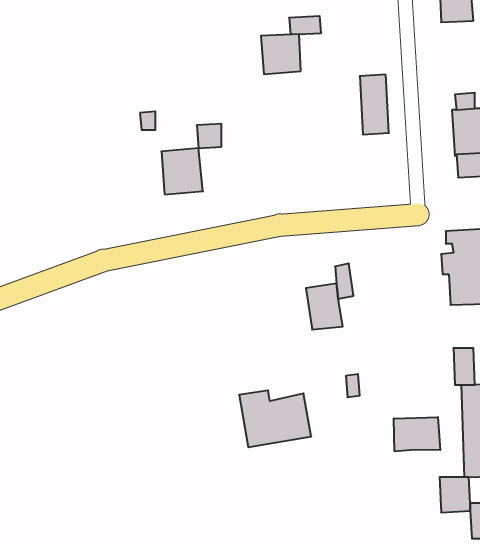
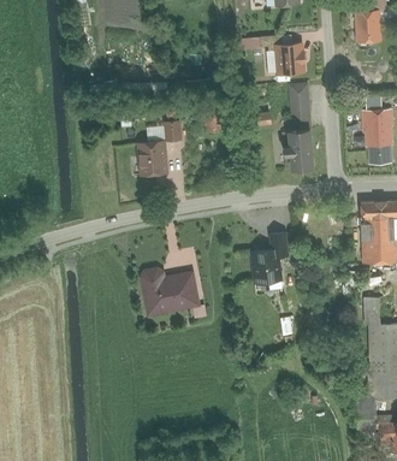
building: [261,34,301,74] -> [274,43,306,75]
building: none -> [282,129,315,170]
building: [239,390,311,447] -> [138,268,195,313]
building: [394,417,440,451] -> none

